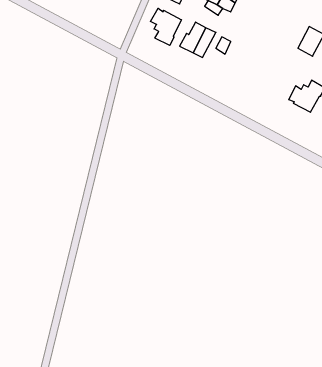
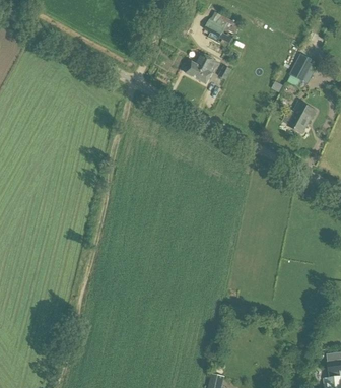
building: [150,8,181,45] -> none

